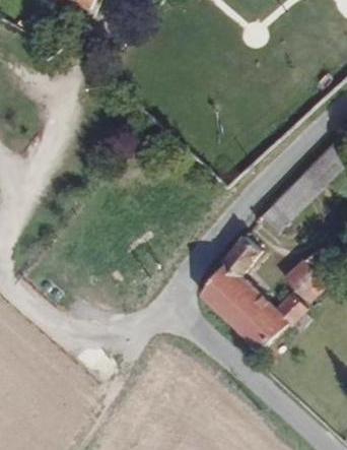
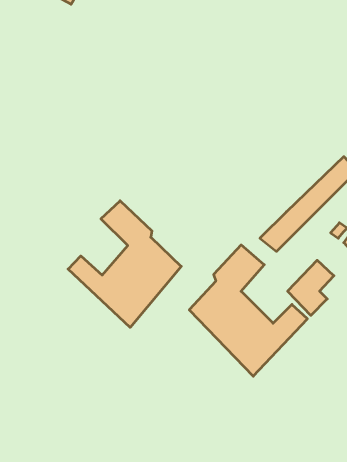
building: none -> [68,201,181,327]

